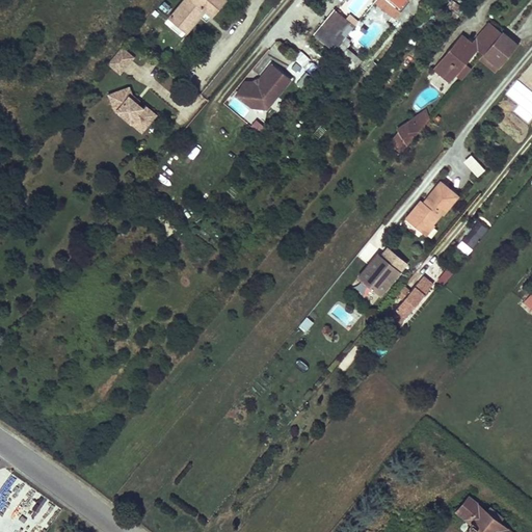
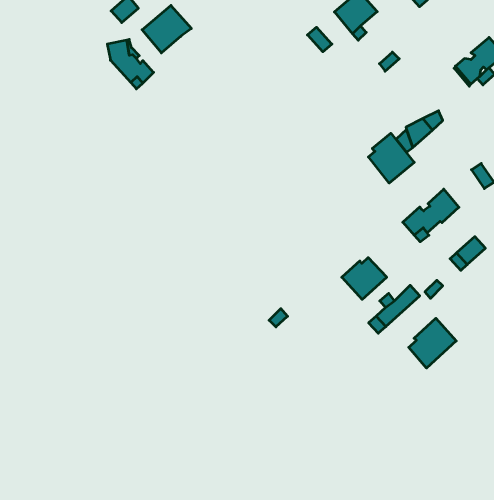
building: none -> [142,5,191,53]
building: [236,64,290,109] -> none
building: none -> [368,133,414,183]
building: none -> [409,318,456,368]

